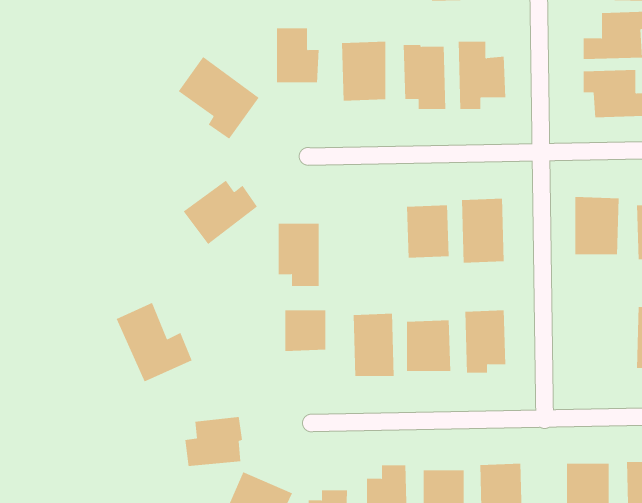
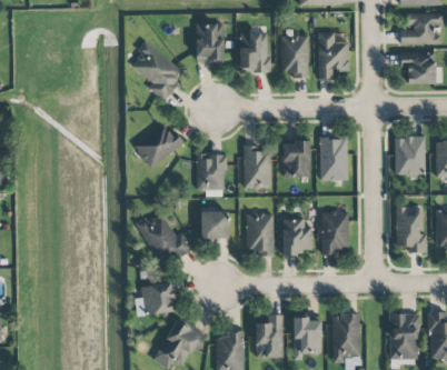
building: none -> [244,147,271,188]
building: [116,302,192,382] -> [139,211,190,264]
building: none -> [396,207,427,252]

